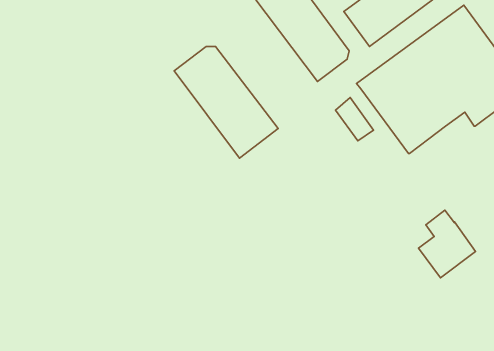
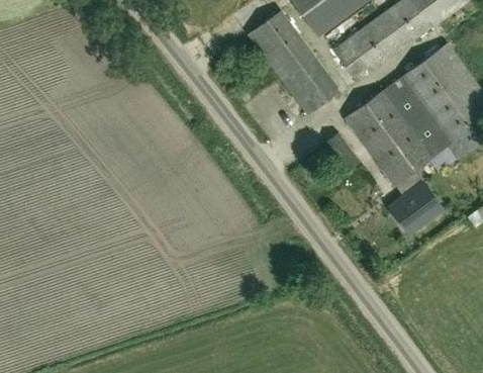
building: [174,47,278,158] -> none
building: [418,210,476,278] -> [388,170,443,235]

